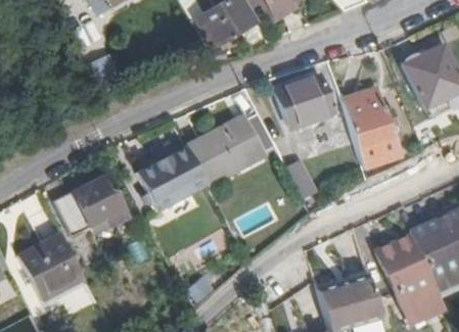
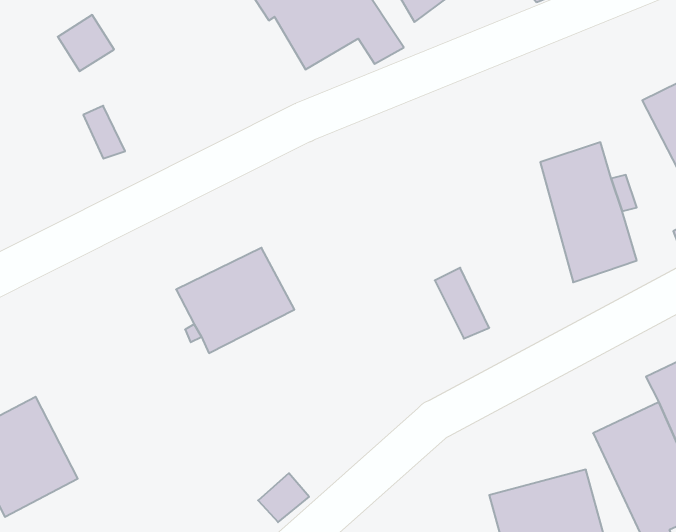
building: [277,75,335,128] -> none
building: [189,120,262,183] -> none
building: [56,174,130,234] -> none

